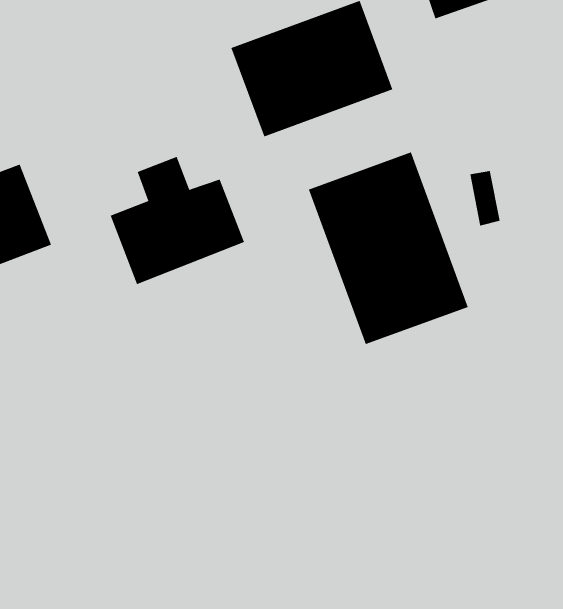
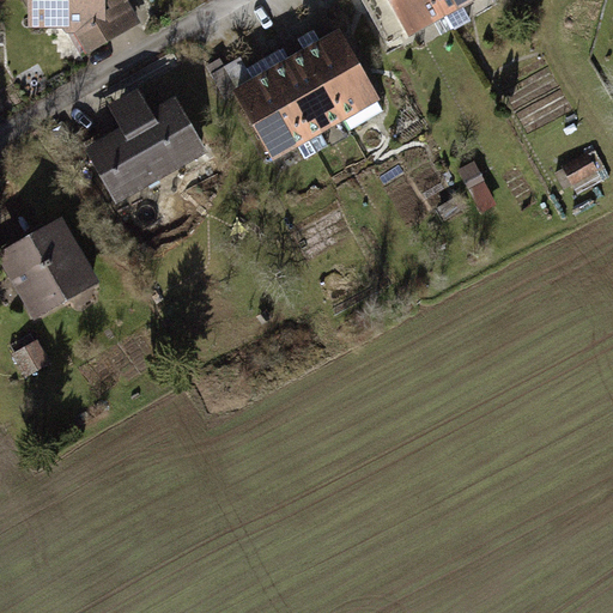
building: [308,152,468,345] -> none
building: [110,156,245,285] -> [84,84,206,202]

